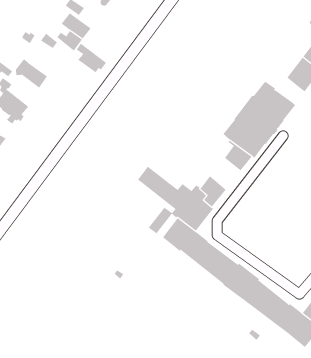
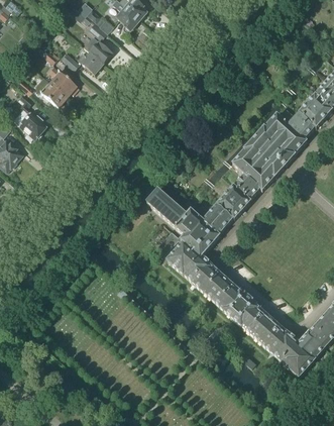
building: [76,43,107,73] -> [49,66,79,96]
building: none -> [276,110,314,138]
building: none -> [218,187,249,219]

